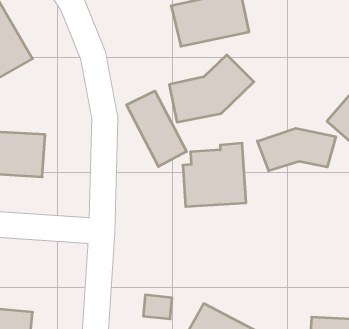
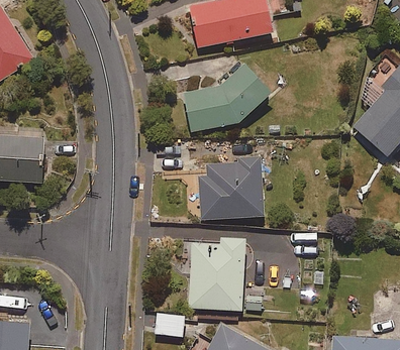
building: [127,91,187,167] -> none
building: [257,128,336,171] -> none
building: none -> [186,232,244,310]

